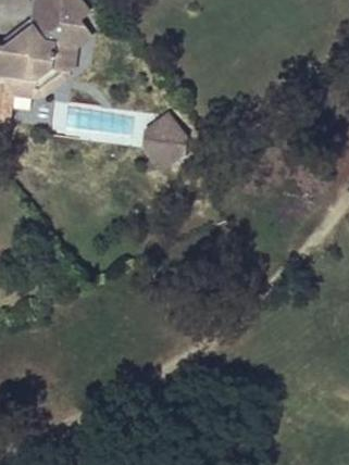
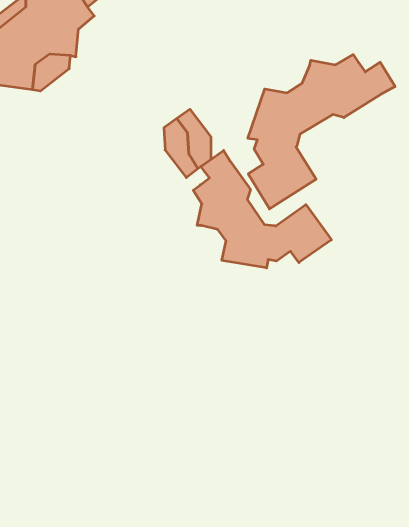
building: none -> [248,55,395,209]
building: none -> [193,150,331,268]

